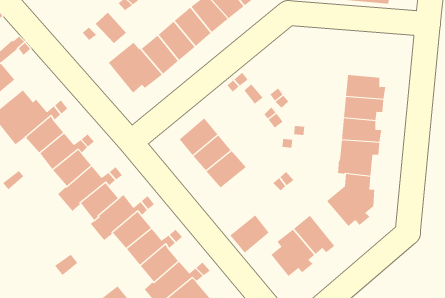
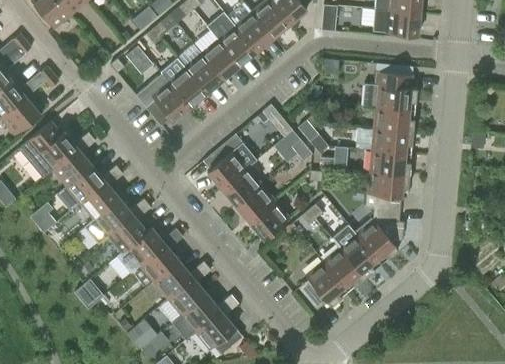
building: none -> [363,71,417,109]
building: none -> [339,233,377,278]
building: [230,215,270,253] -> [249,199,289,238]

